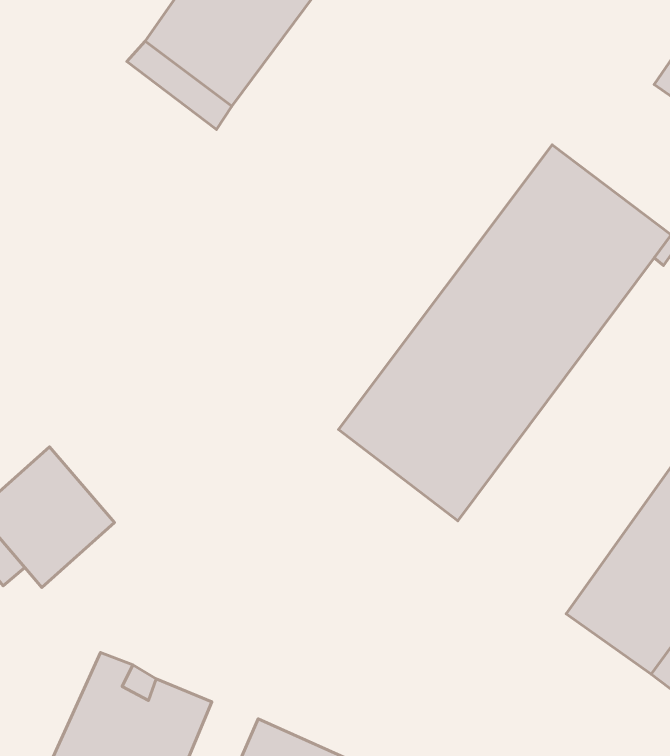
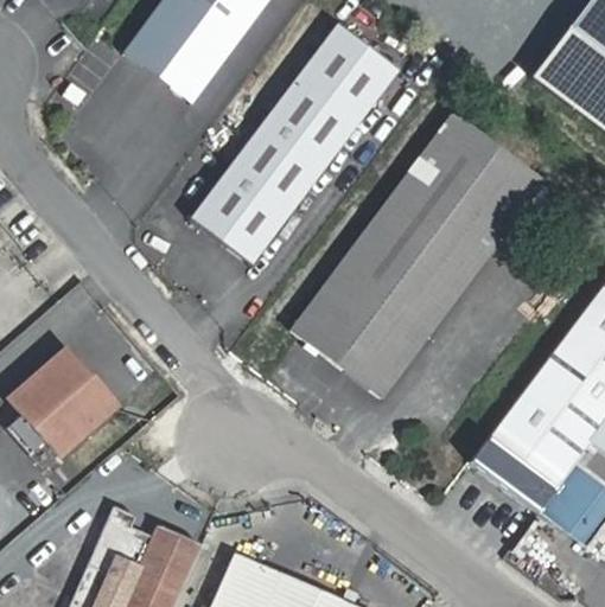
building: none -> [195,23,402,267]

